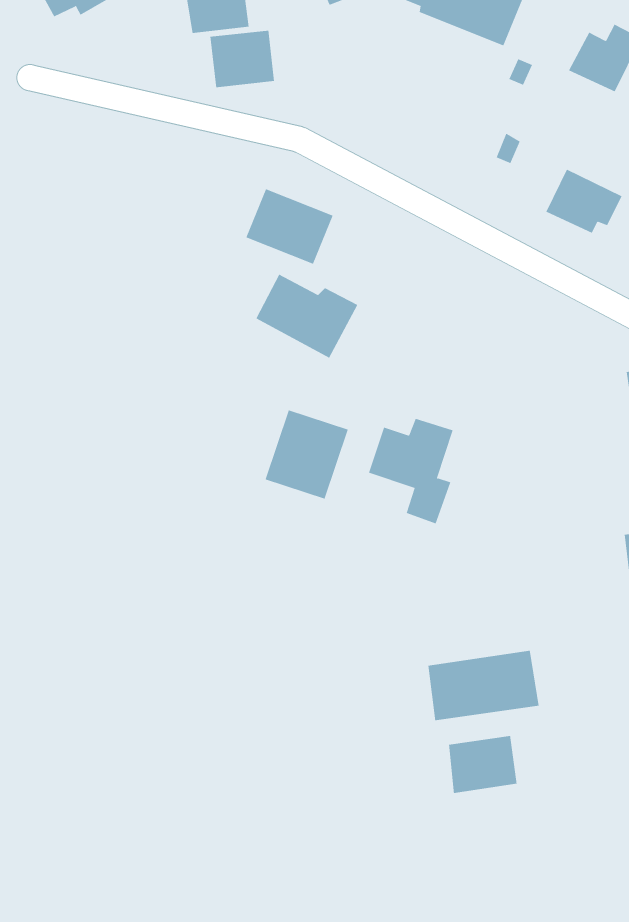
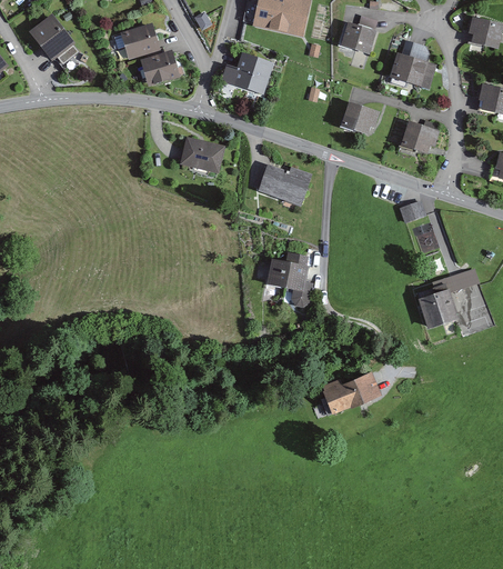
building: none -> [221,52,275,94]
building: [255,274,358,359] -> [255,162,311,204]
building: [265,409,349,500] -> none
building: [449,735,517,794] -> none

